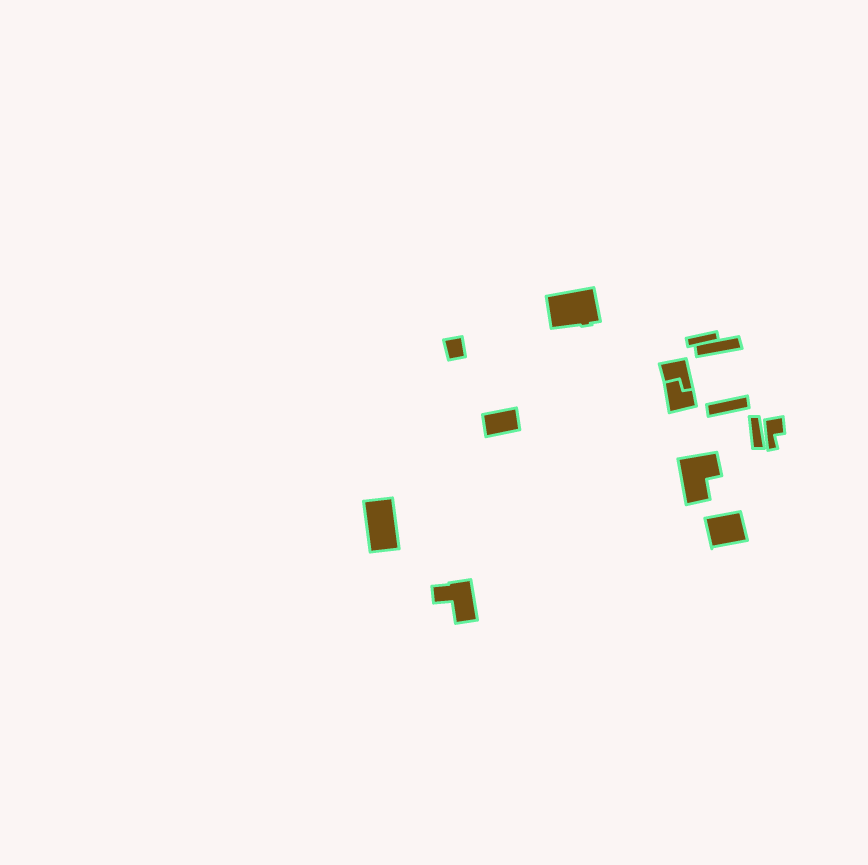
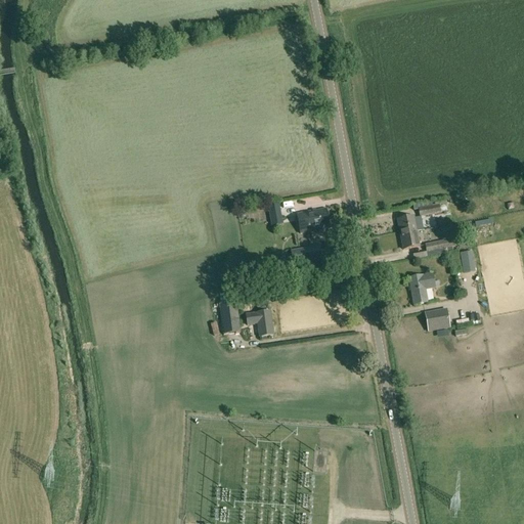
building: [546,288,601,328] -> [297,207,330,231]
building: [432,579,478,624] -> [246,309,273,336]

